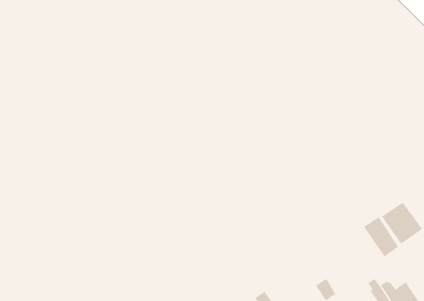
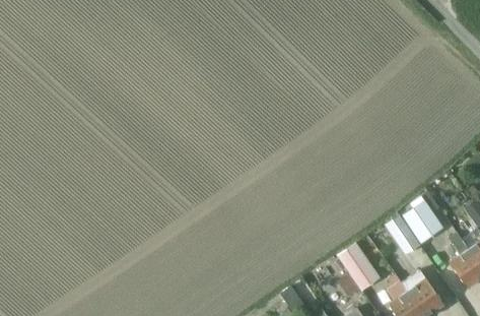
building: none -> [339,244,378,289]

